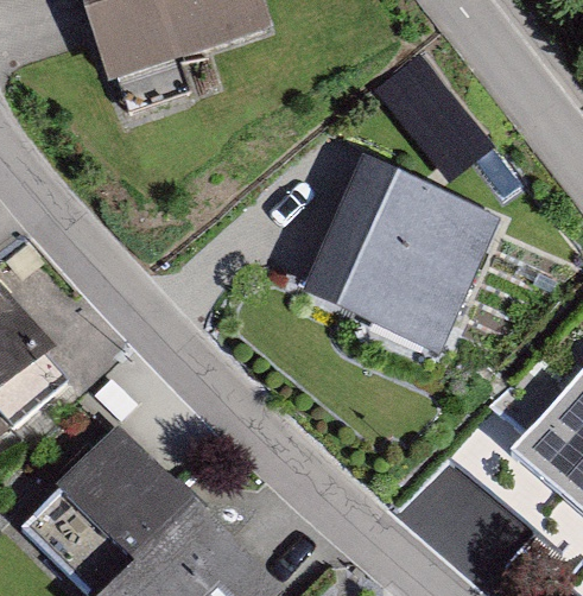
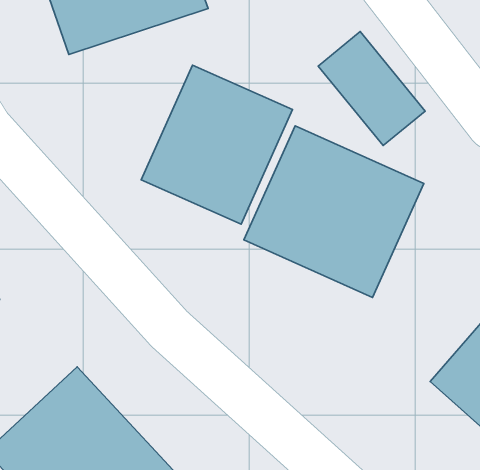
building: none -> [141,65,293,224]

